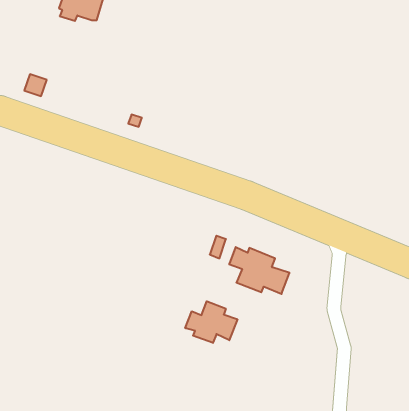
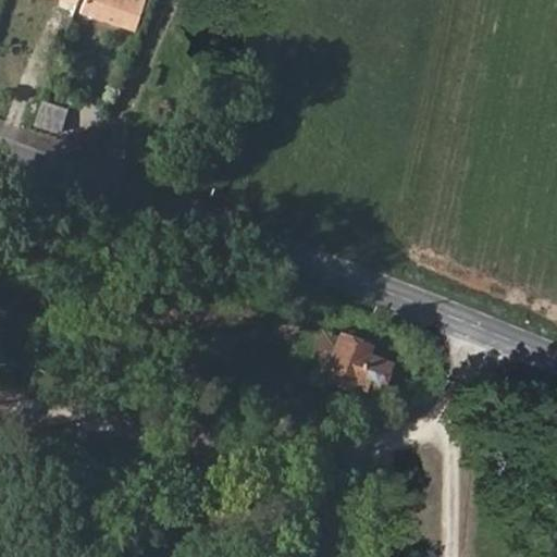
building: [185,301,237,343] -> none

